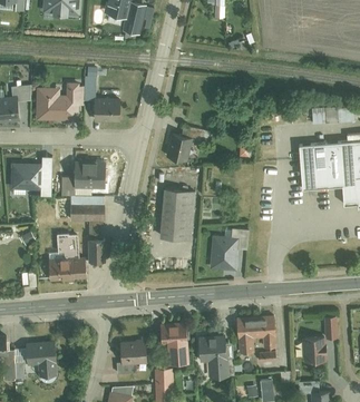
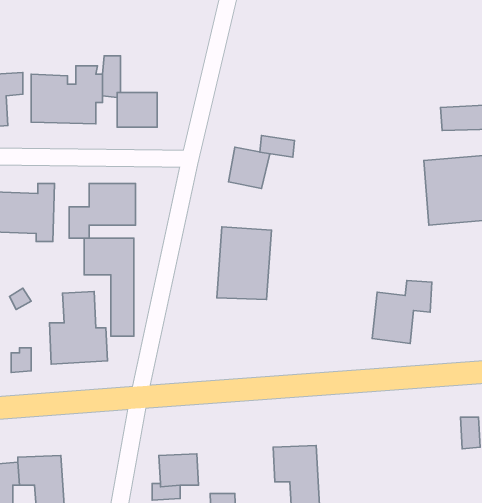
building: [207,229,247,272] -> [372,281,432,344]
building: [236,316,275,352] -> none
building: [159,322,188,361] -> none
building: [302,337,325,362] -> none

